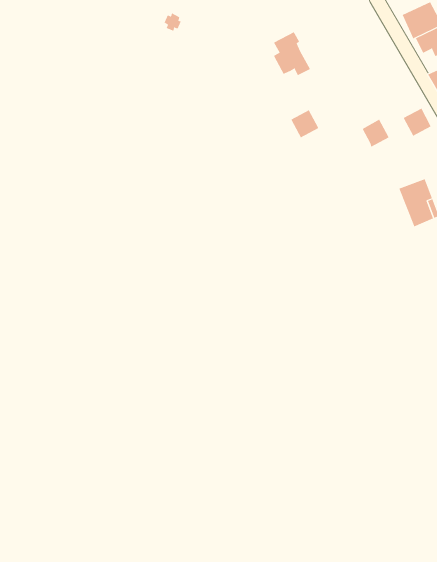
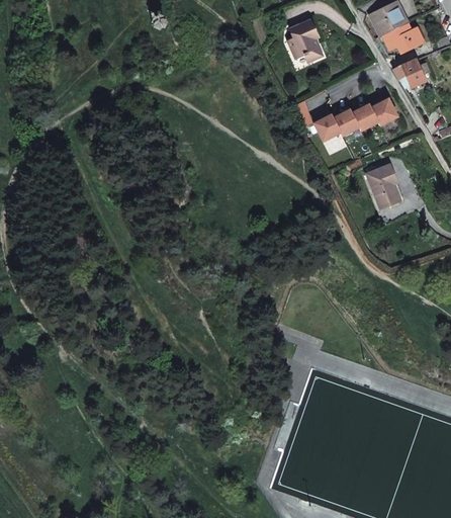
building: [273,31,311,76] -> [290,18,325,59]
building: [290,109,319,138] -> [314,114,341,141]
building: none -> [352,104,378,131]

